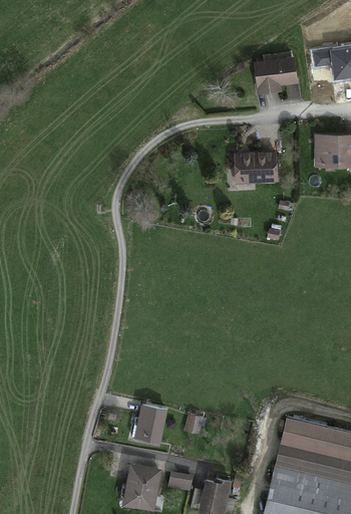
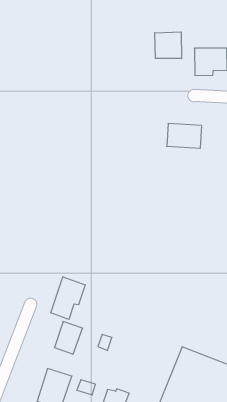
building: none -> [155,32,182,59]
building: none -> [51,277,85,319]

